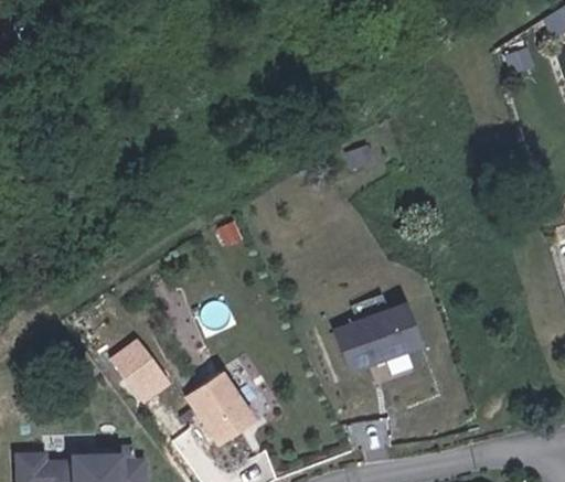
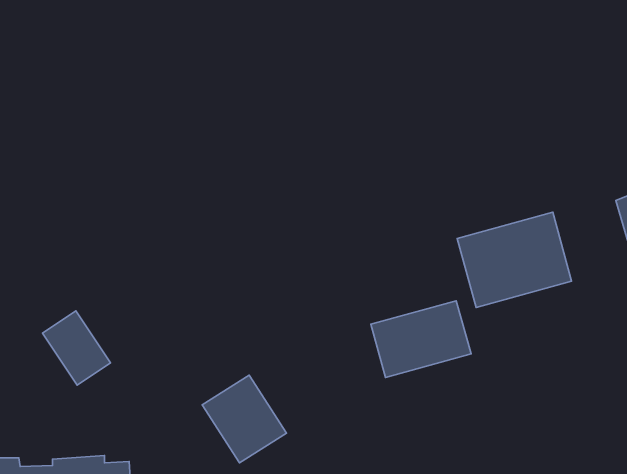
building: none -> [457,212,572,307]
building: [109,340,170,406] -> [43,311,111,385]

